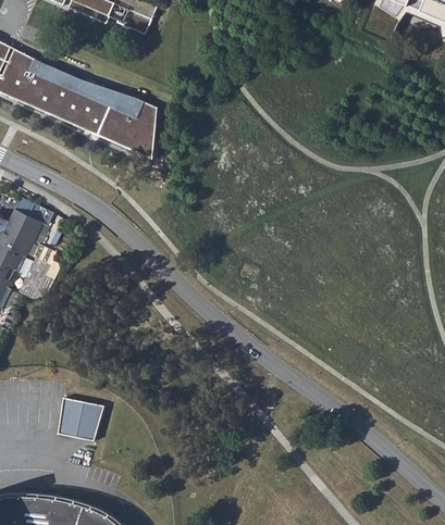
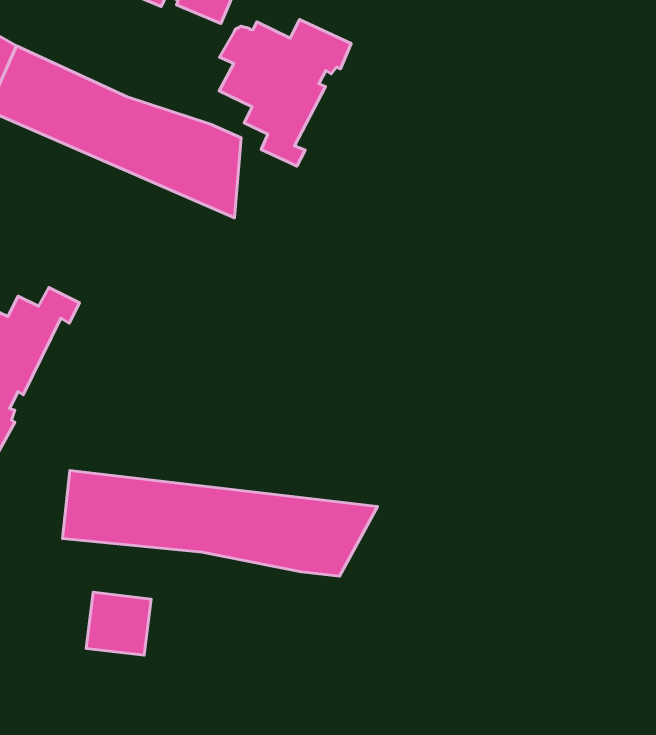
building: none -> [219,19,351,166]
building: none -> [63,470,377,576]

